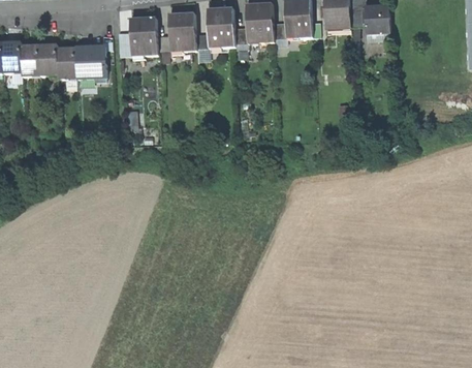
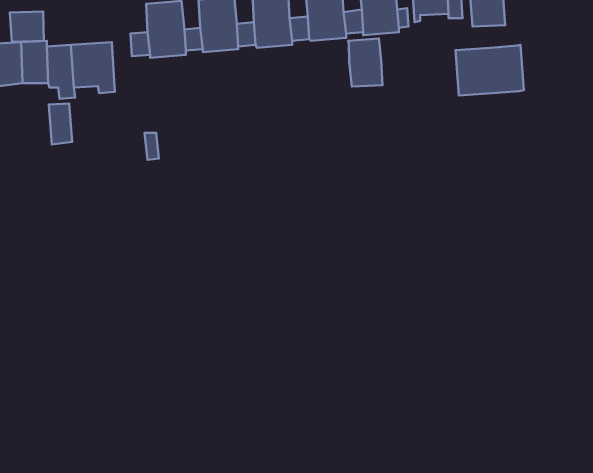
building: none -> [10,11,44,42]
building: none -> [348,38,383,86]
building: none -> [455,45,524,95]
building: none -> [49,104,72,144]

